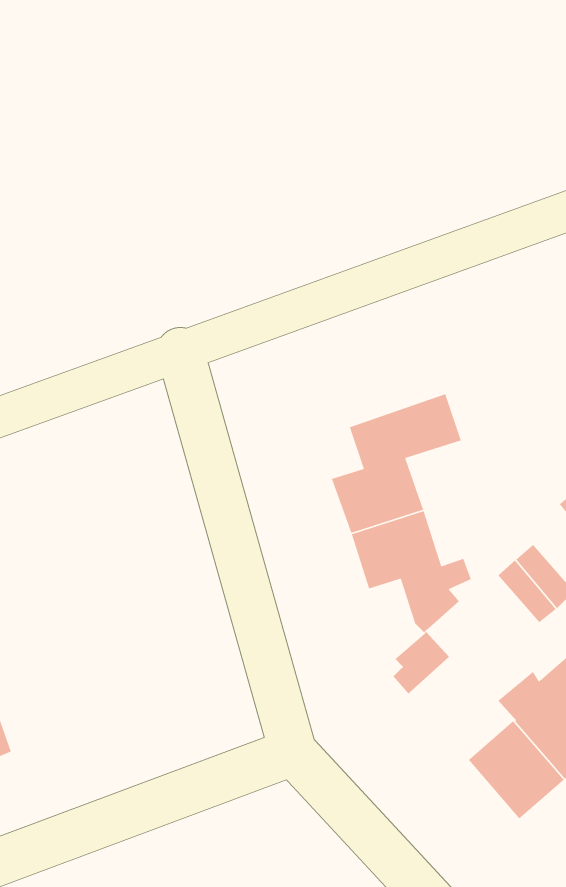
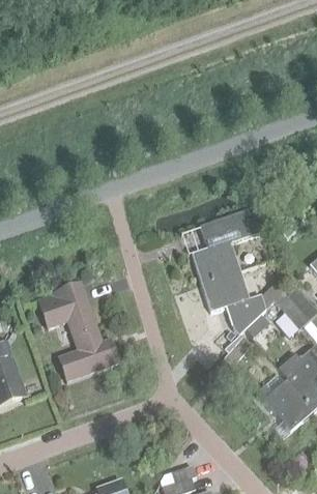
building: none -> [37,281,117,380]

